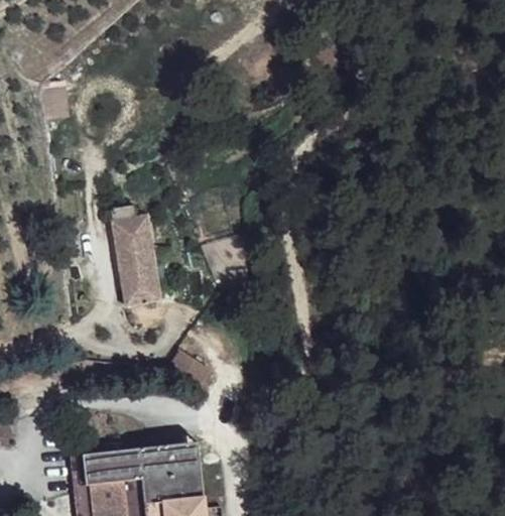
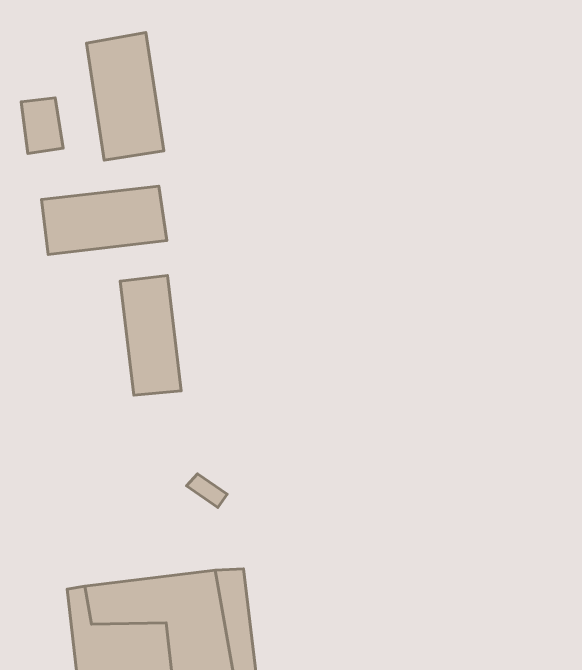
building: none -> [86,32,164,160]
building: none -> [41,186,167,254]

